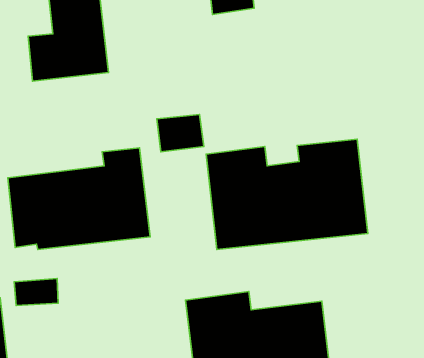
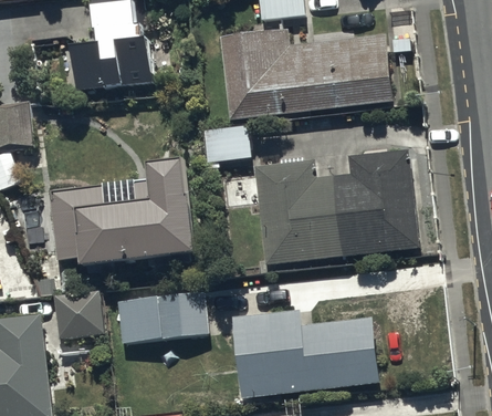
building: none -> [220,25,391,121]
building: none -> [118,291,209,343]

